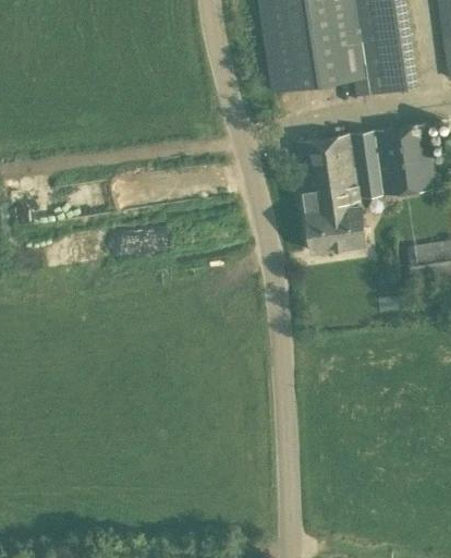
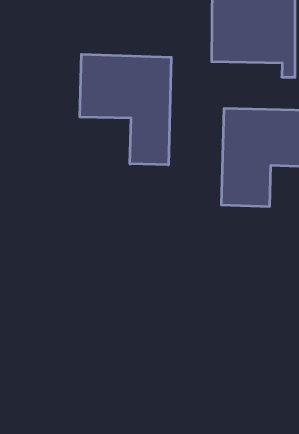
building: none -> [80,54,171,165]

